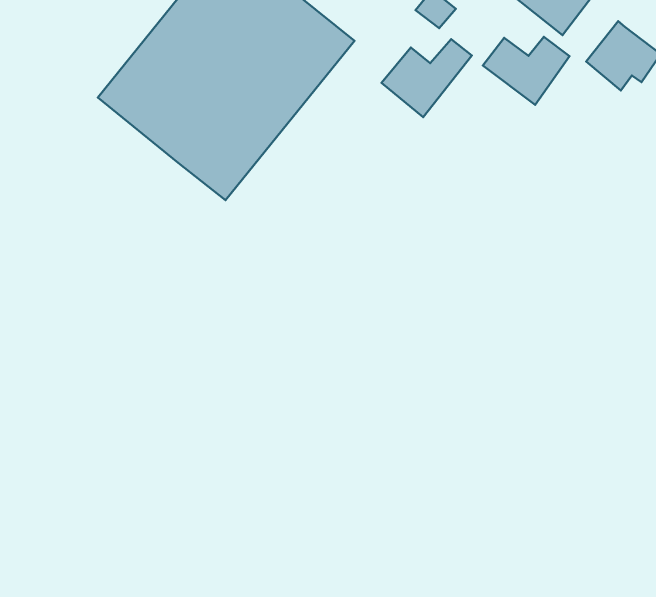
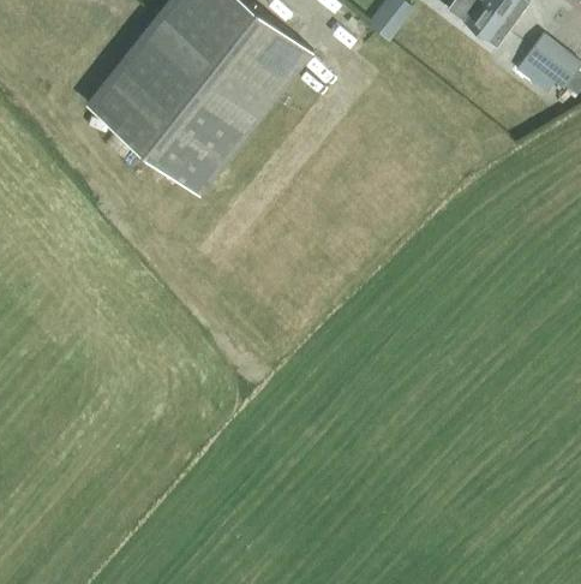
building: [483,37,570,105] -> none
building: [381,39,472,117] -> none

